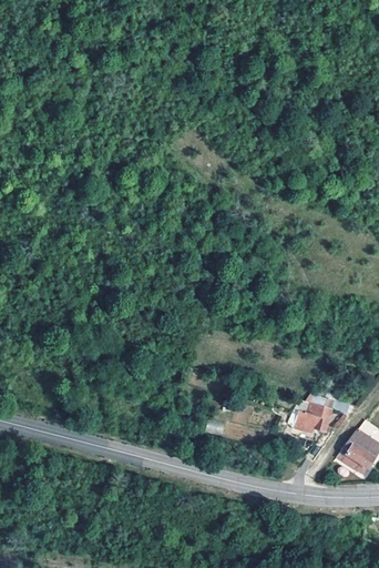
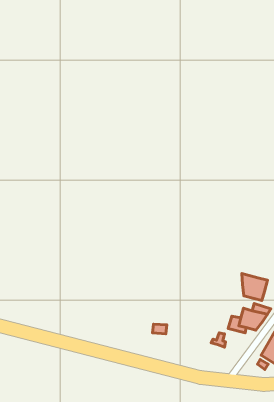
building: none -> [242,273,267,301]

